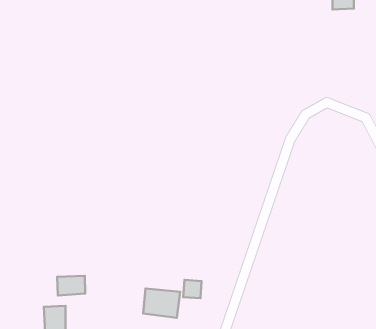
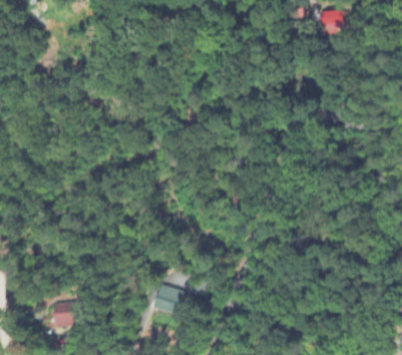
building: [57,276,85,296] -> none

